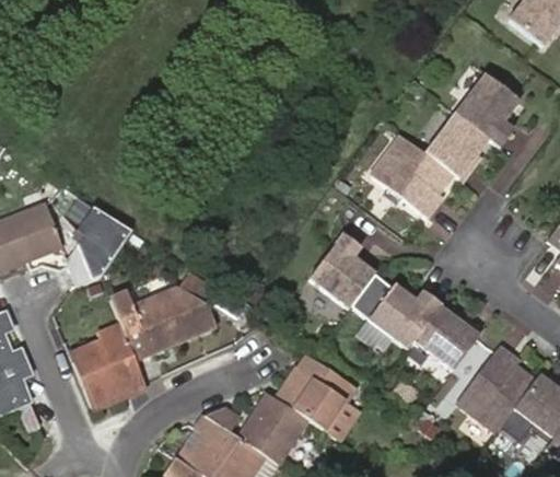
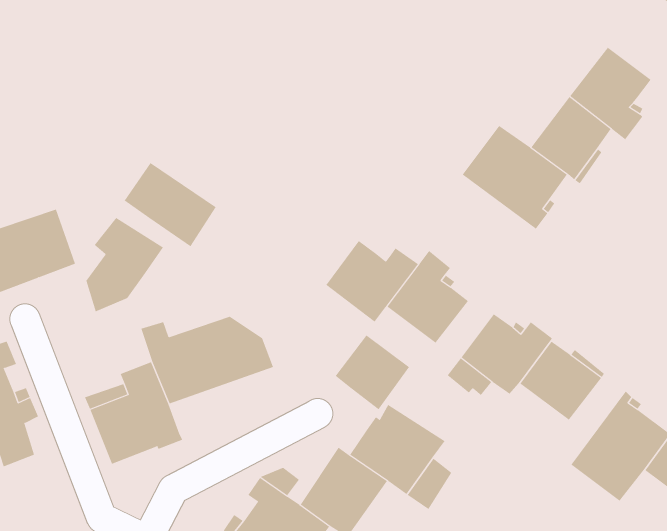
building: none -> [124,162,216,247]
building: none -> [326,240,419,322]
building: none -> [335,334,410,410]

